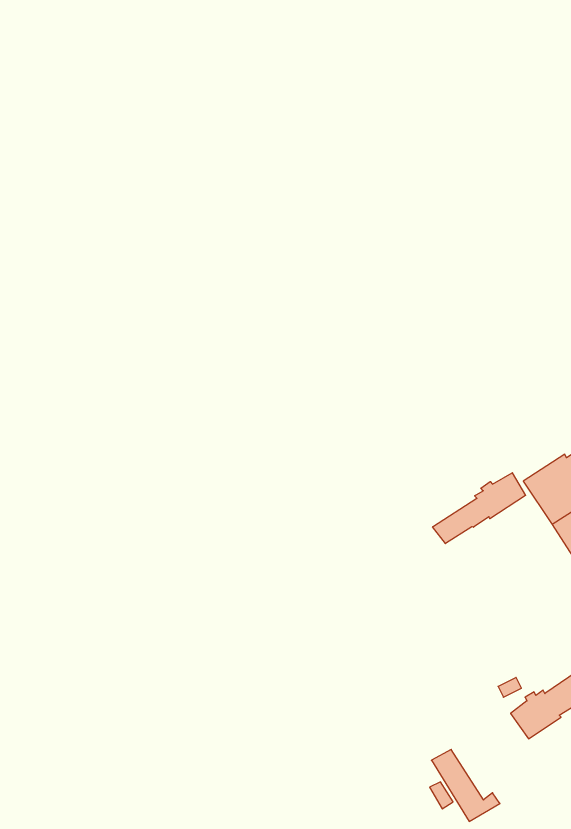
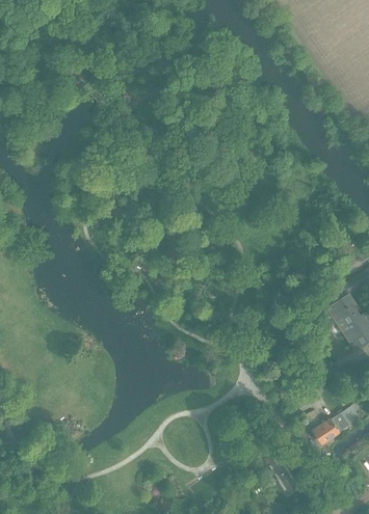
building: [433,473,526,544] -> none

